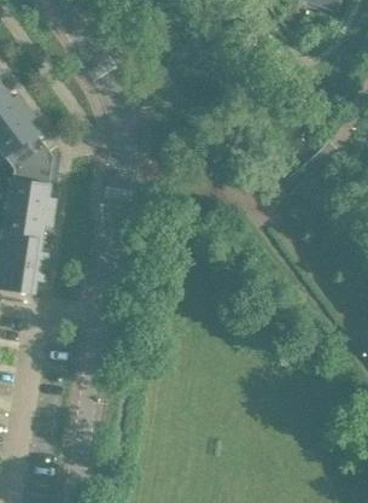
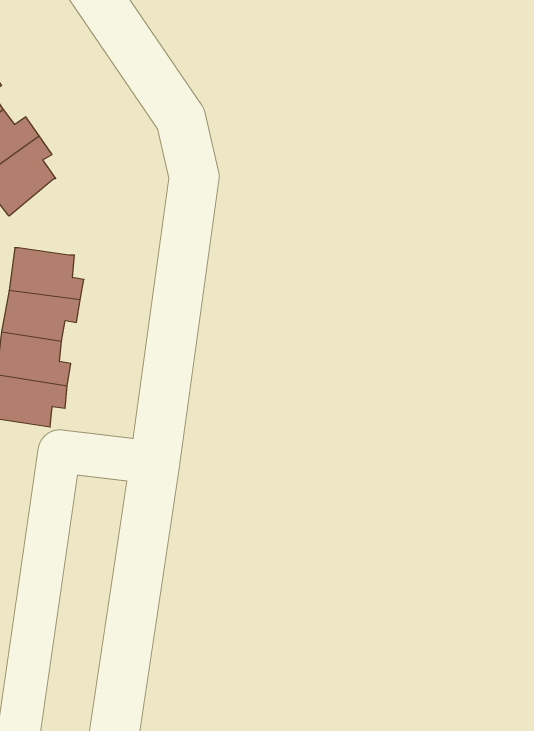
building: [6,134,49,183] -> none

